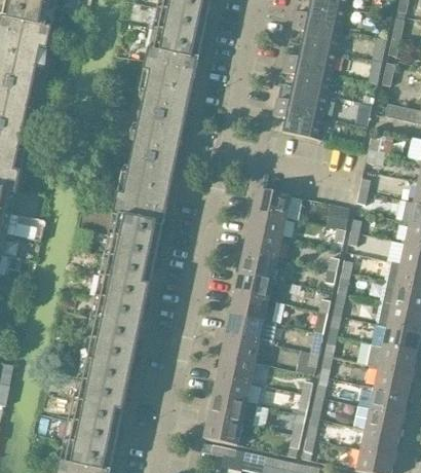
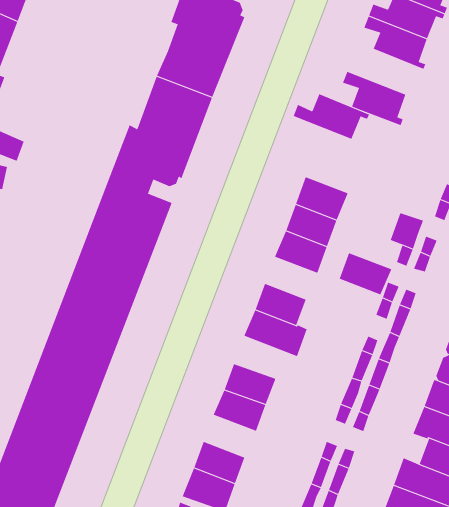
building: [275,87,332,117] -> [293,94,370,139]
building: [239,252,277,280] -> [339,252,392,295]
building: [226,314,275,344] -> none
building: [213,375,251,403] -> none

